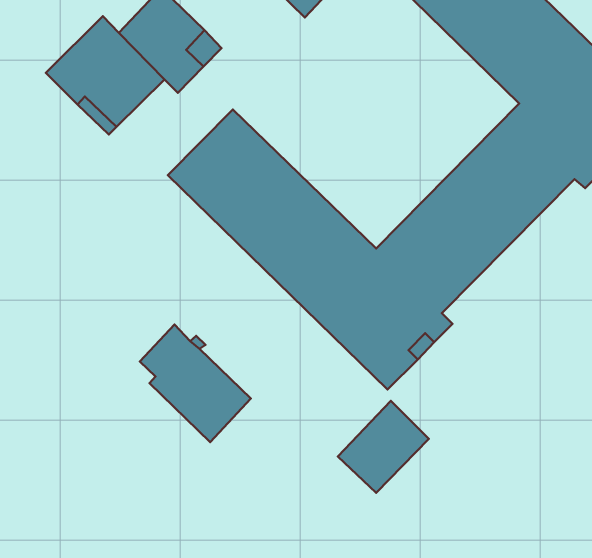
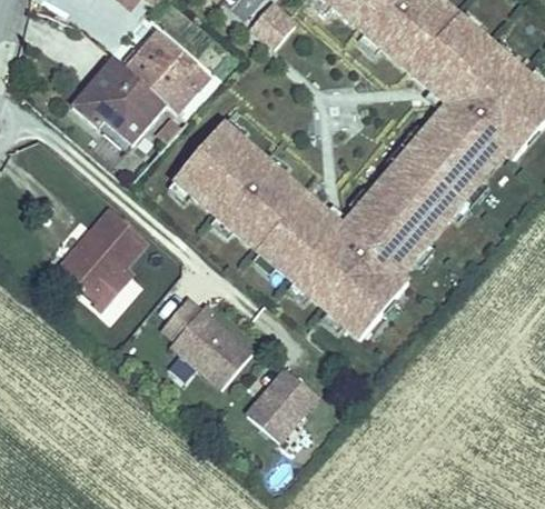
building: none -> [58,207,147,308]
building: [338,401,429,493] -> [246,366,317,439]

